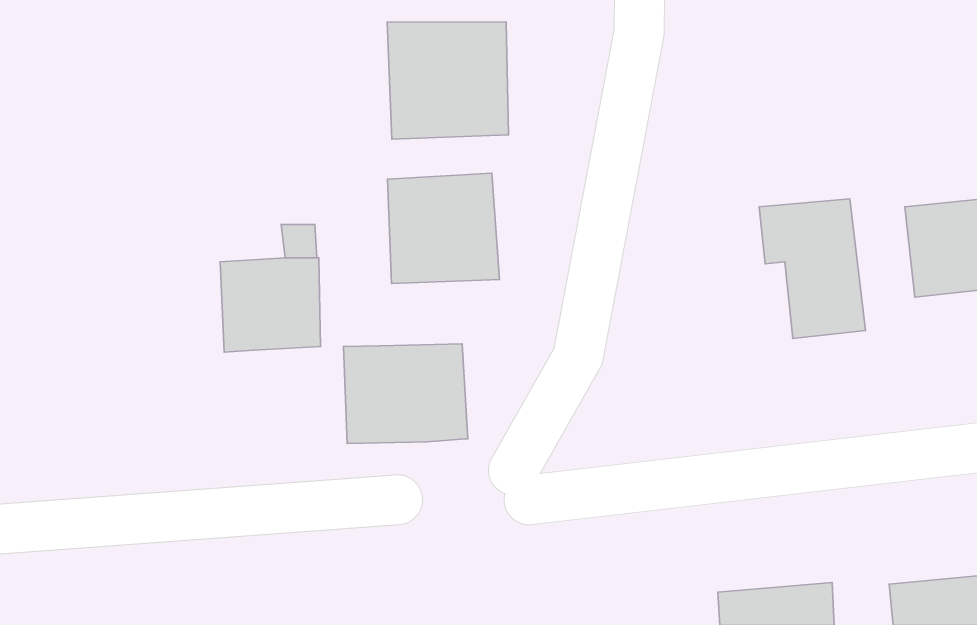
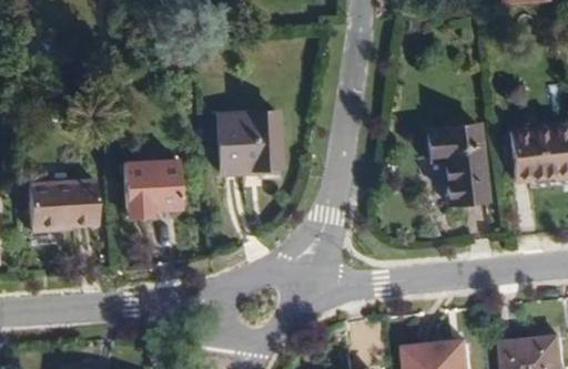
building: [387,22,508,139] -> none
building: none -> [29,181,98,230]
building: [343,344,468,444] -> none

